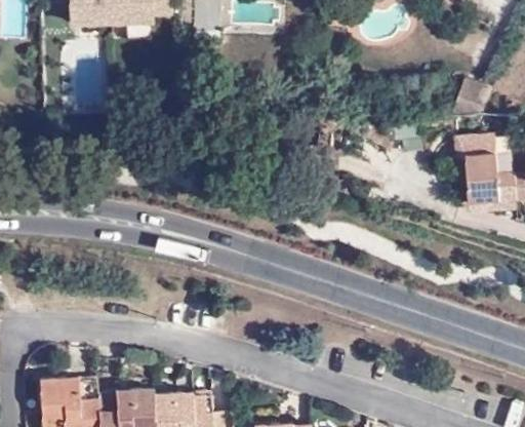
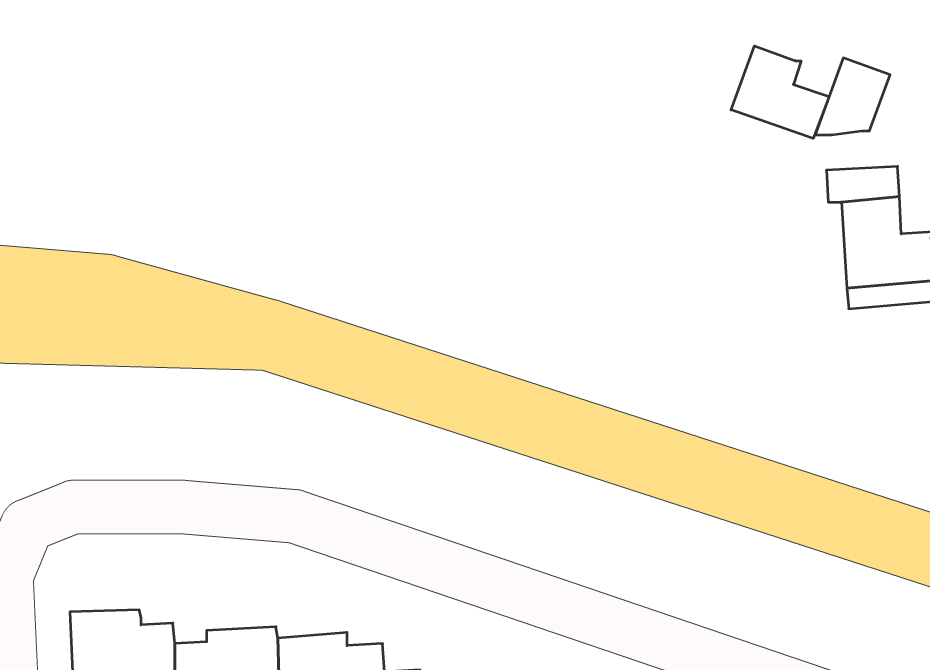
building: none -> [731,46,829,138]

